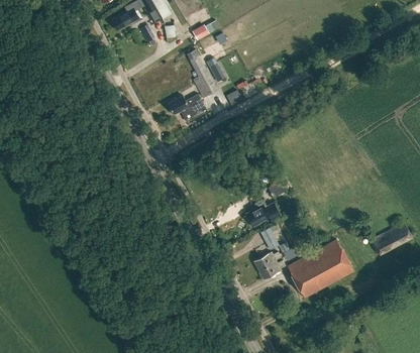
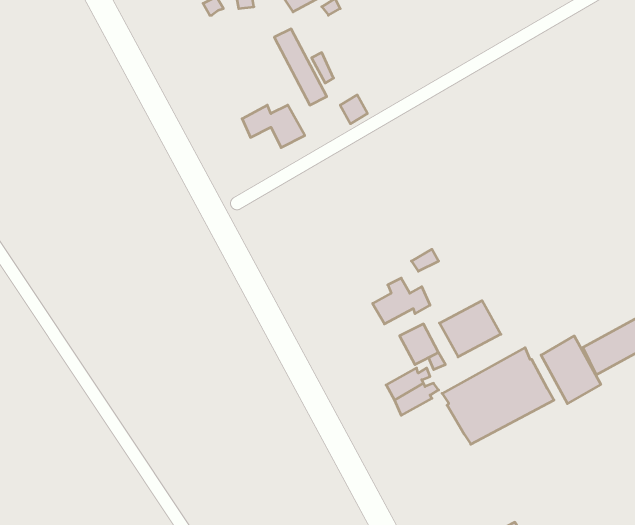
building: none -> [439,301,501,357]
building: none -> [541,336,601,404]

